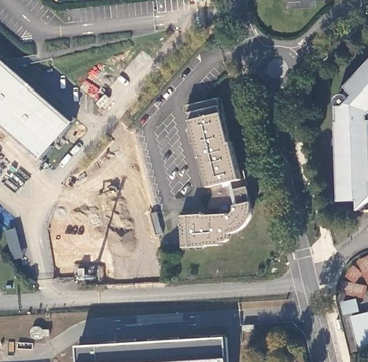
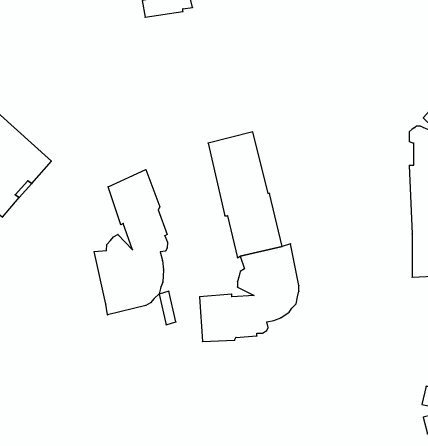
building: none -> [94,170,167,315]

